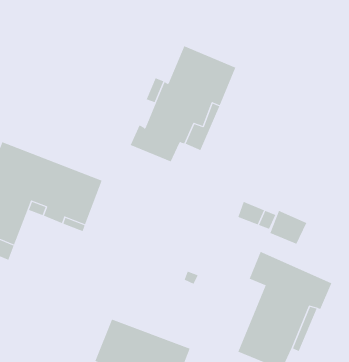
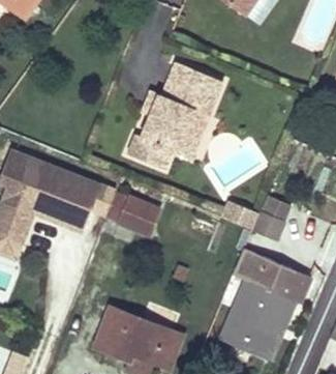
building: none -> [104,192,158,234]

